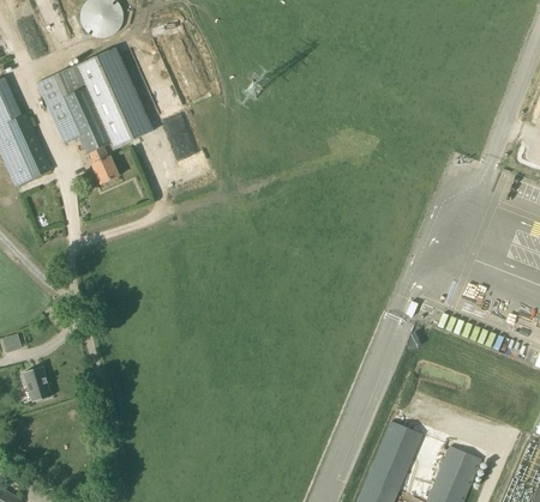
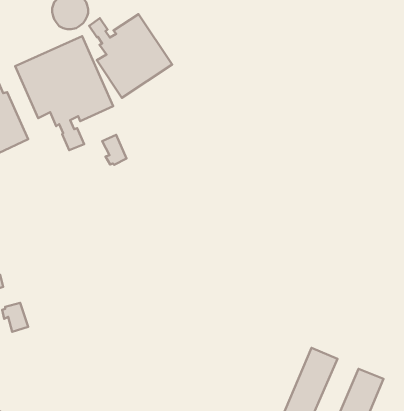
building: none -> [89,14,172,98]
building: none -> [102,135,127,165]

